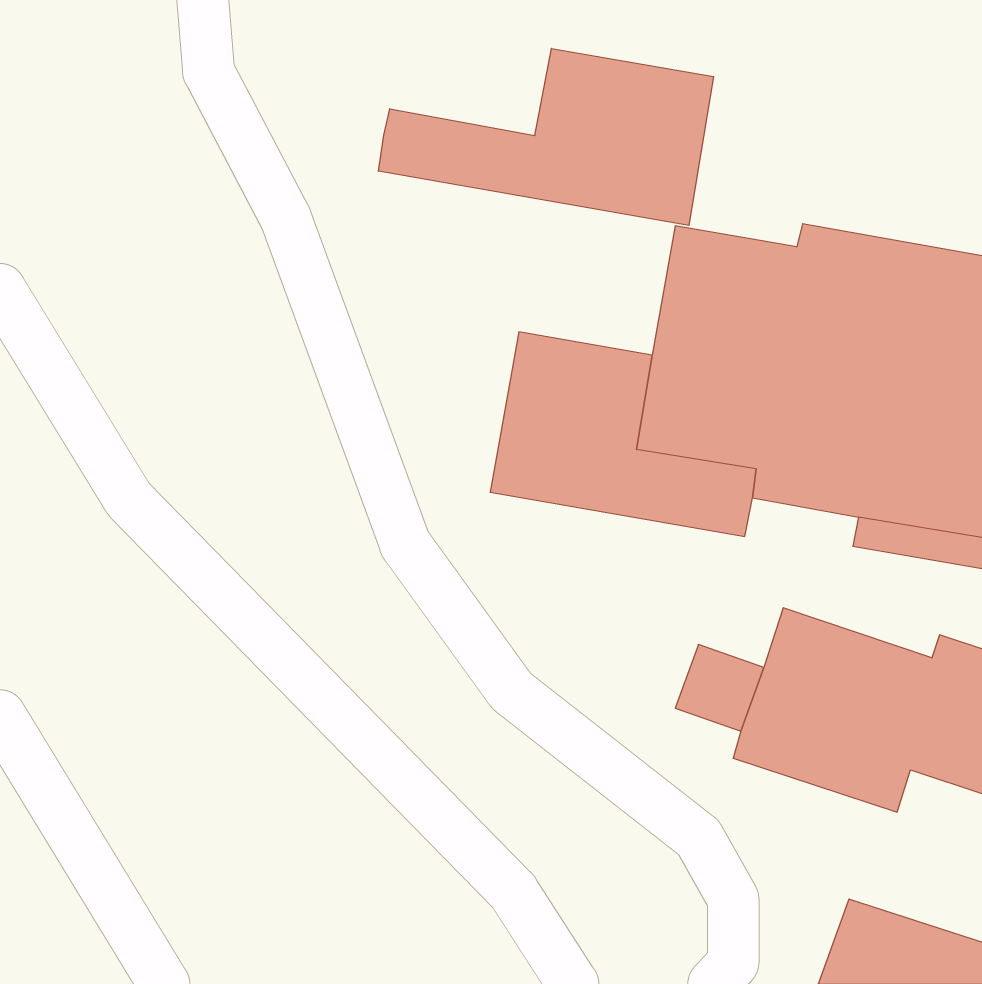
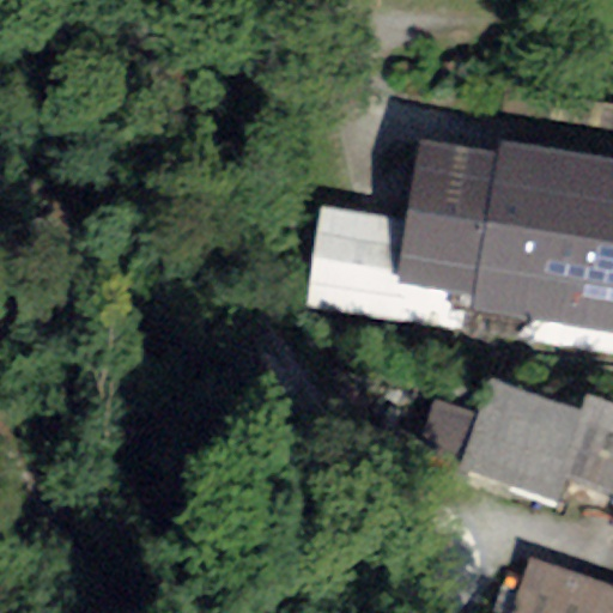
building: [379,48,714,225] -> none

